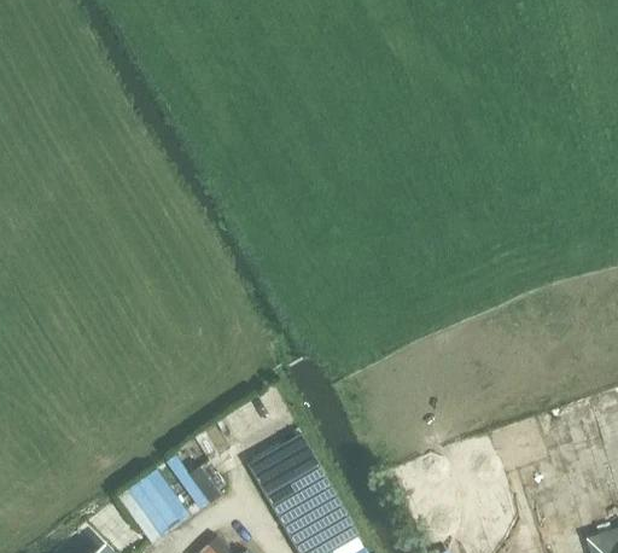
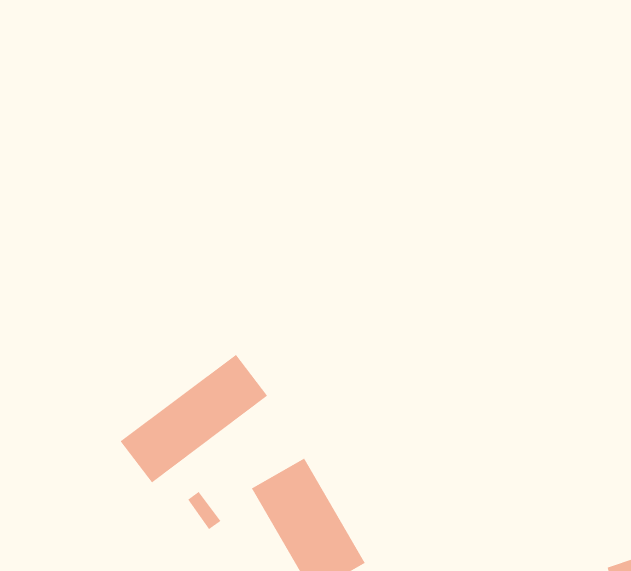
building: none -> [119,354,268,483]

